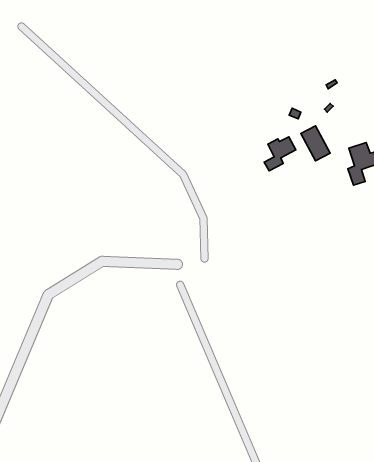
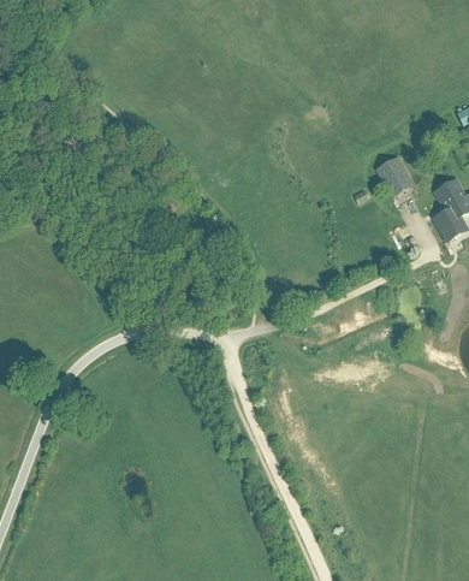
building: [264,137,296,171] -> none

